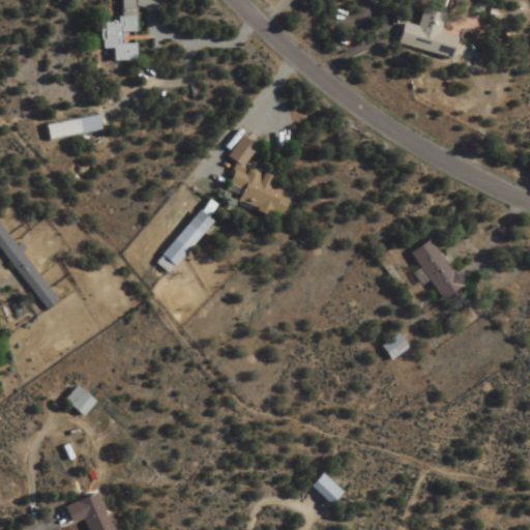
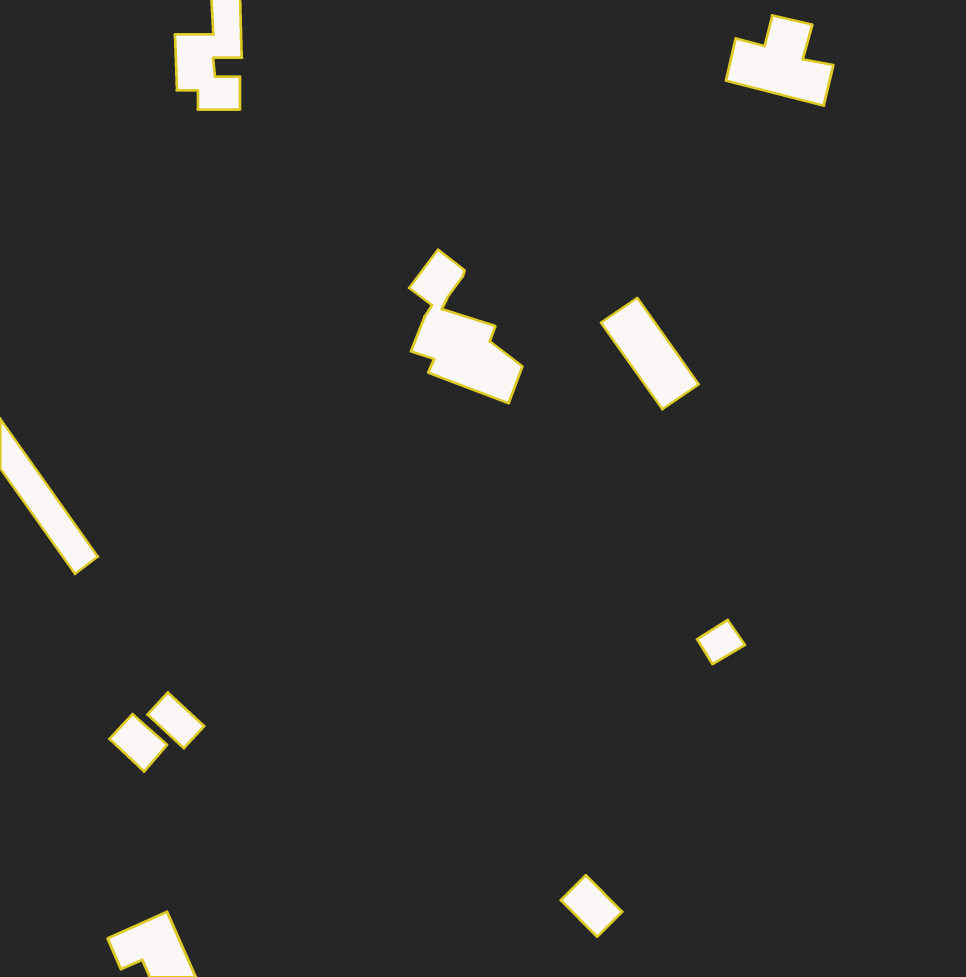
building: [49,115,101,138] -> none
building: [157,209,213,272] -> none
building: [411,238,464,298] -> [601,298,699,409]
building: none -> [147,692,204,748]

